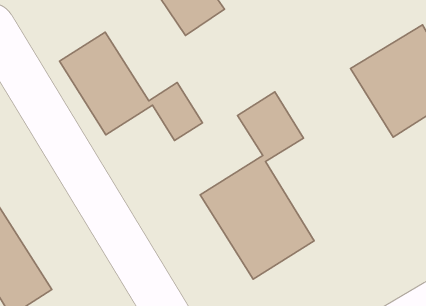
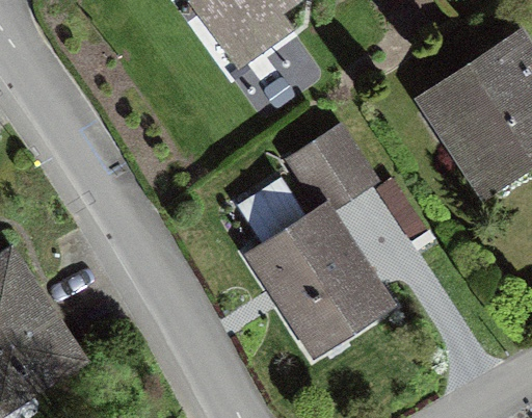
building: [59,32,203,140] -> none

